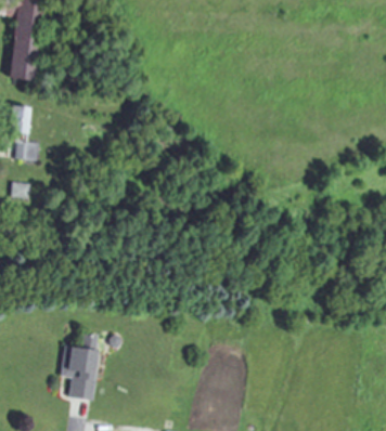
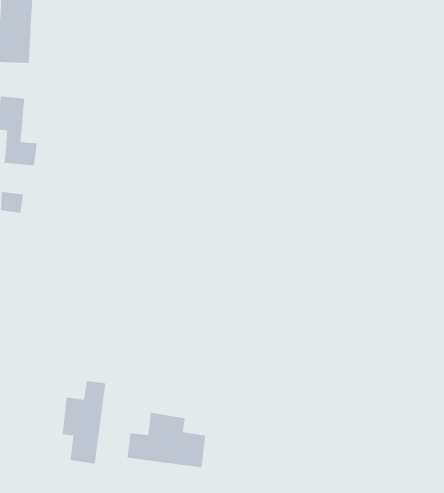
building: none -> [127,412,206,468]

